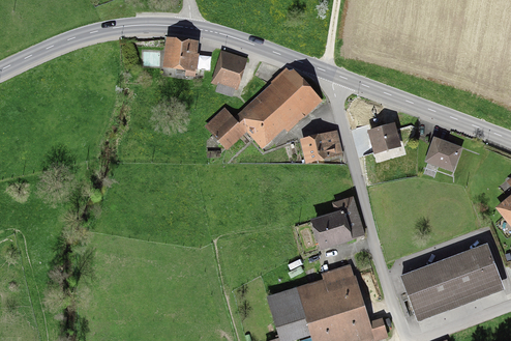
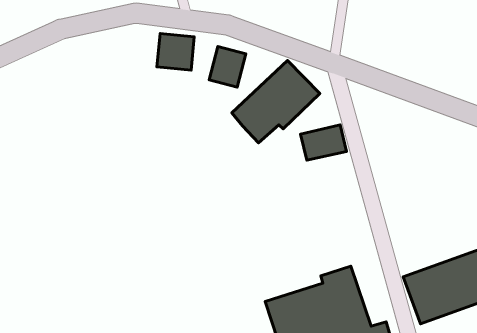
building: [209,107,245,144] -> none
building: [367,124,401,155] -> none
building: [425,139,461,173] -> none
building: [309,197,365,251] -> none

